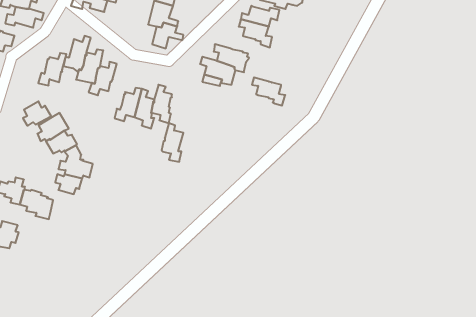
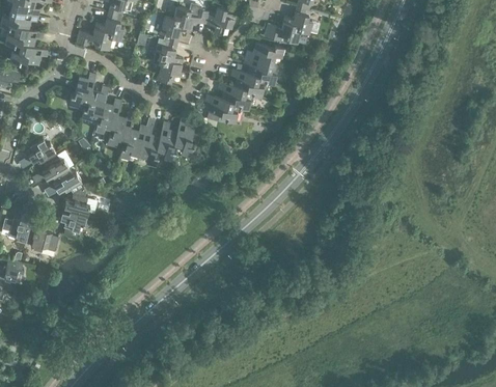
building: [38,53,66,85] -> [104,112,132,144]
building: [252,77,285,106] -> [228,68,261,96]
building: [162,123,183,162] -> [171,116,193,155]

